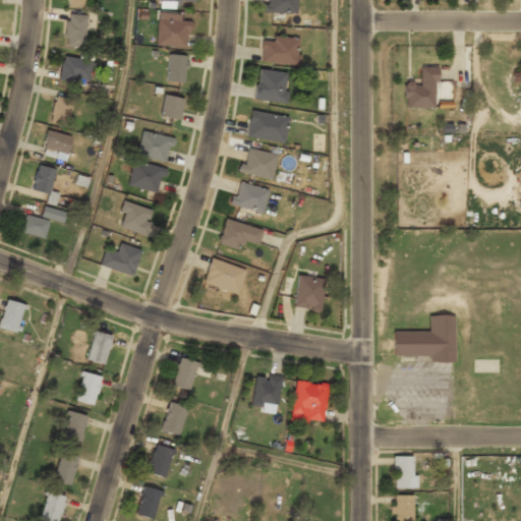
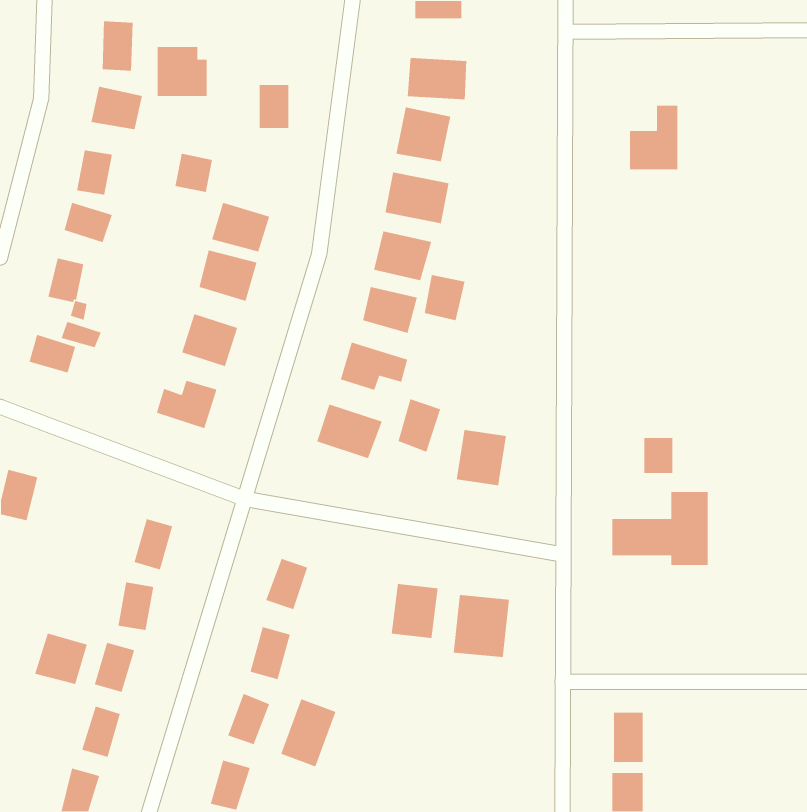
building: [159,13,191,46] -> [157,46,208,97]
building: [162,95,186,120] -> [175,153,213,193]
building: none -> [424,274,466,321]
building: none -> [398,398,441,453]
building: none -> [644,437,673,474]
building: none -> [34,632,88,685]
building: none -> [280,698,337,768]

